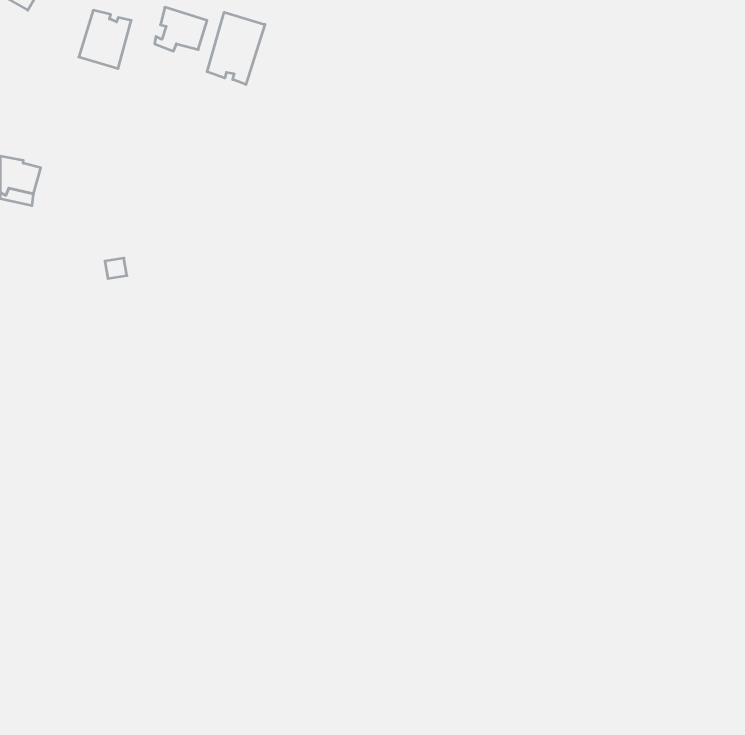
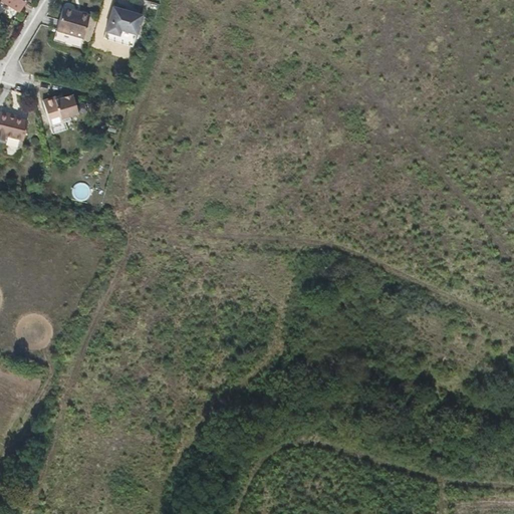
building: [207,12,265,85] -> none
building: none -> [44,90,79,130]

